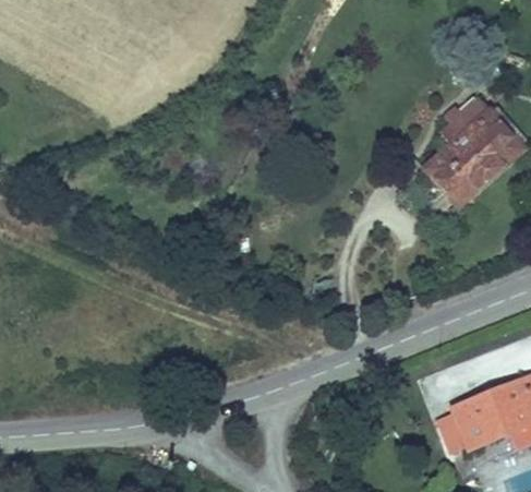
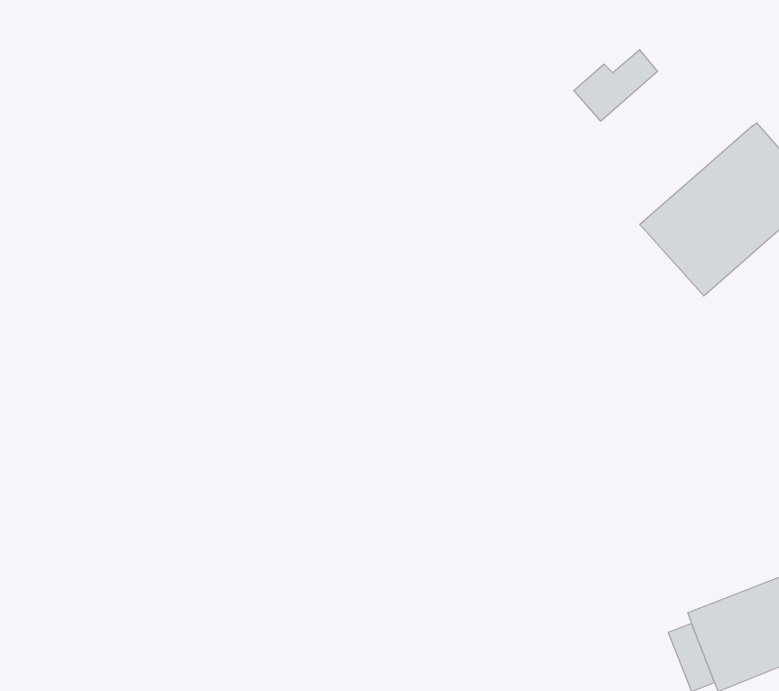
building: [436,94,487,137] -> [574,50,658,121]

